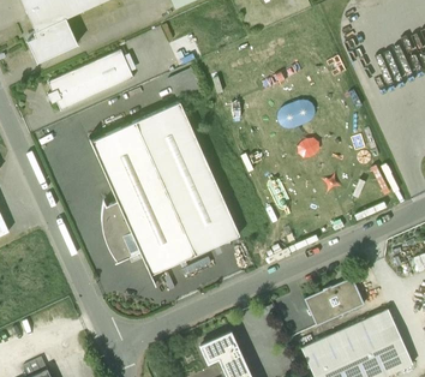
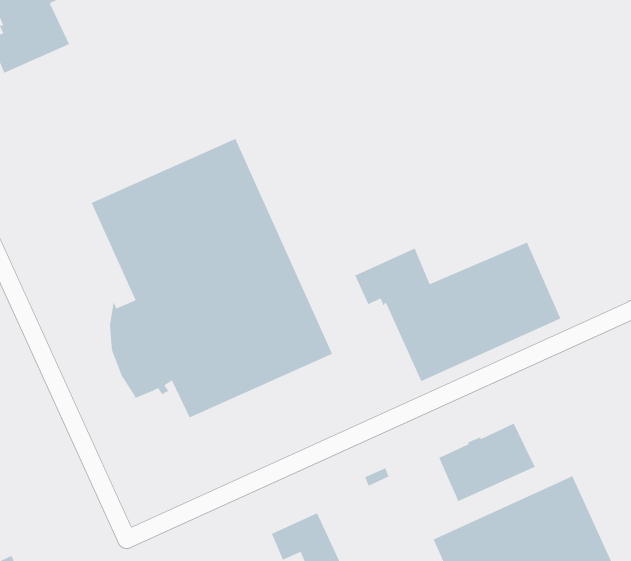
building: [47,50,132,112] -> none
building: none -> [354,242,562,382]

